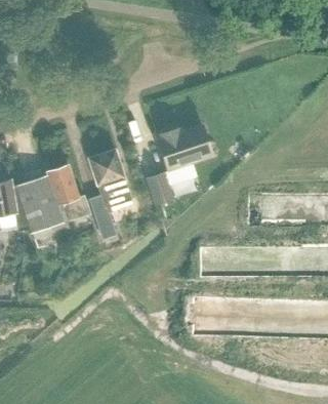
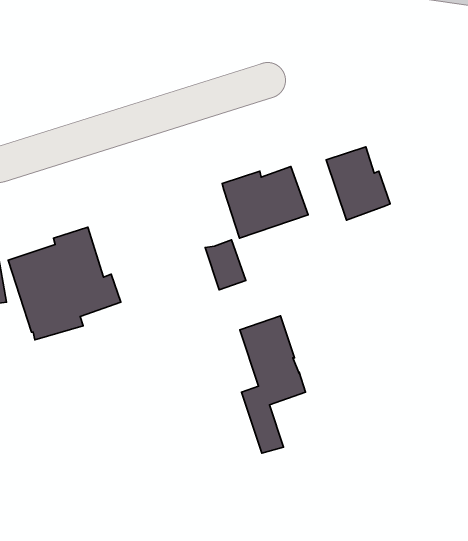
building: none -> [326,147,390,220]
building: [88,149,131,239] -> [240,316,305,453]

